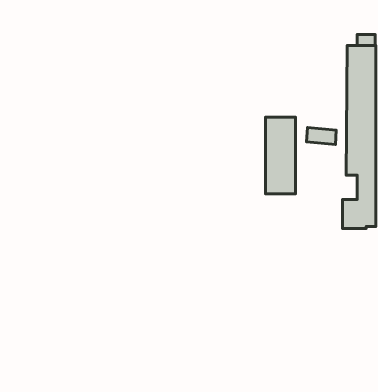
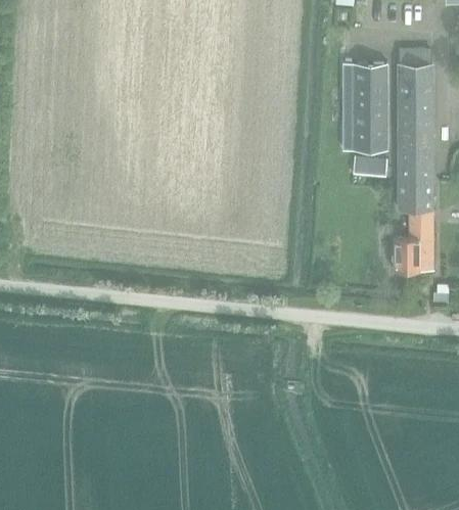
building: [266,117,295,194] -> [353,64,386,151]

